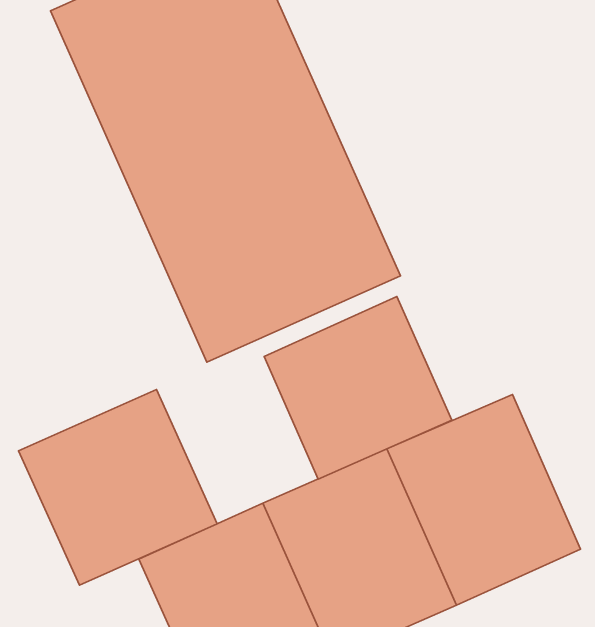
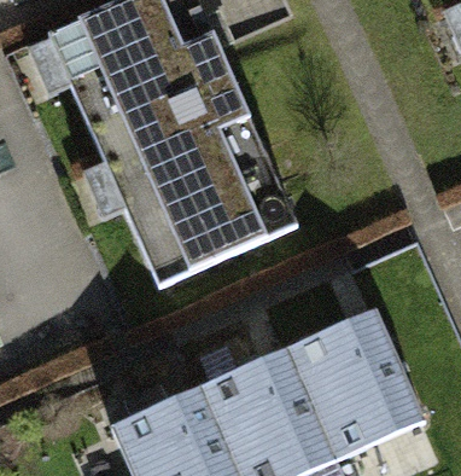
building: [264,297,452,479] -> none
building: [19,389,217,585] -> none

